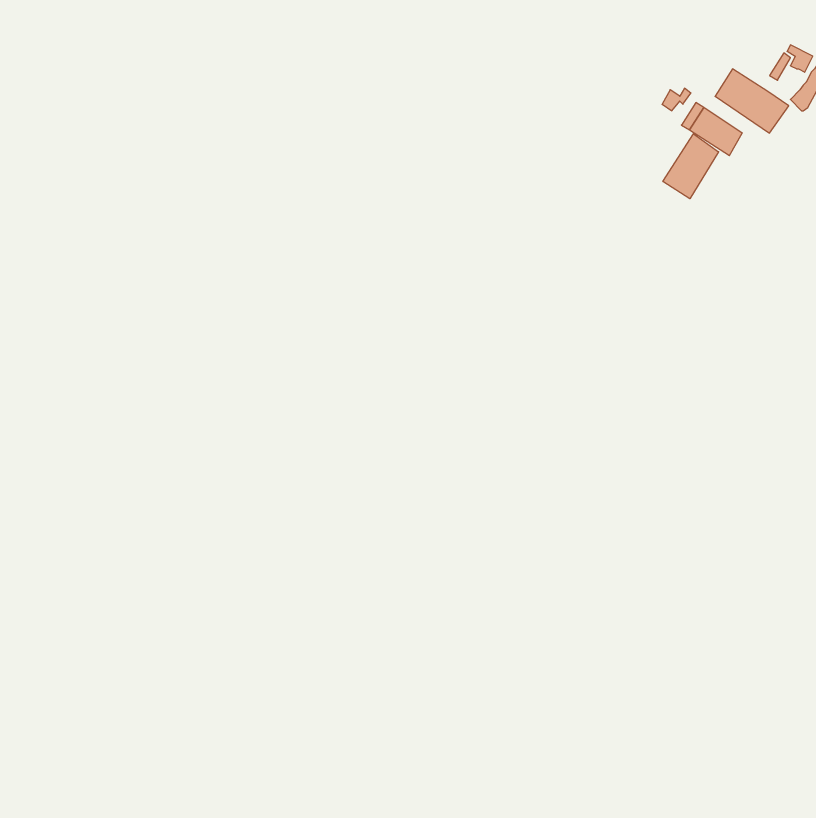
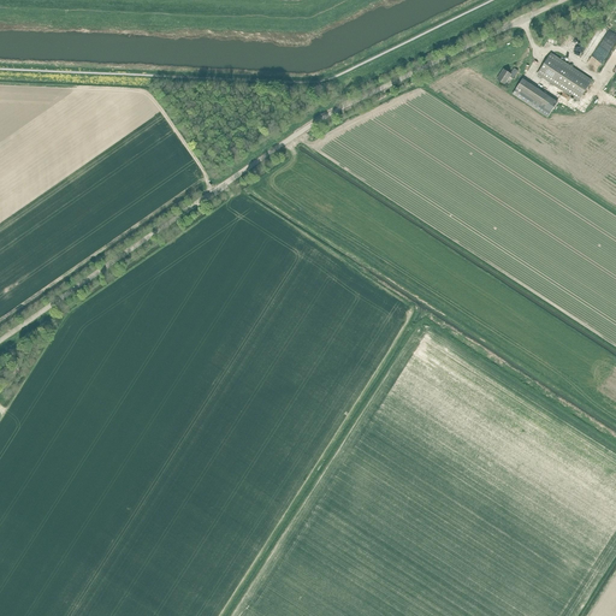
building: [663,134,719,199] -> none

